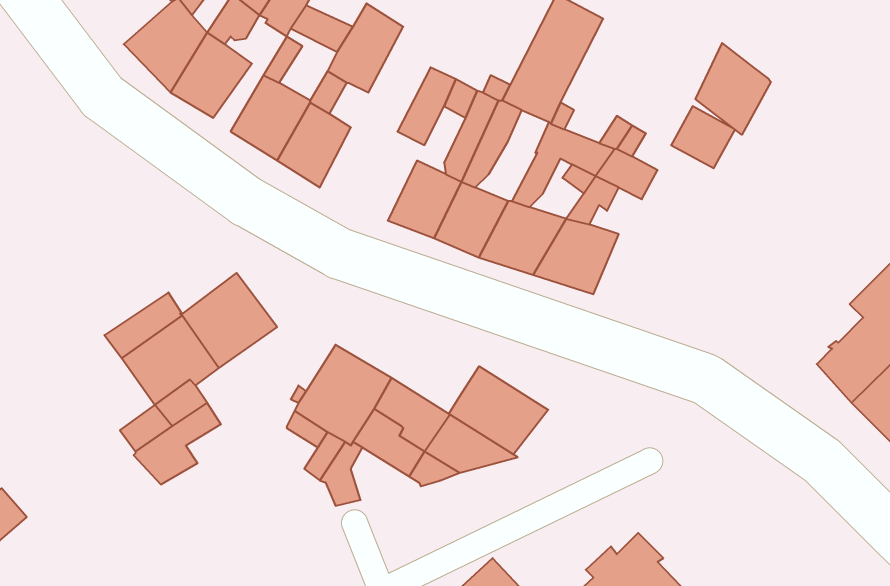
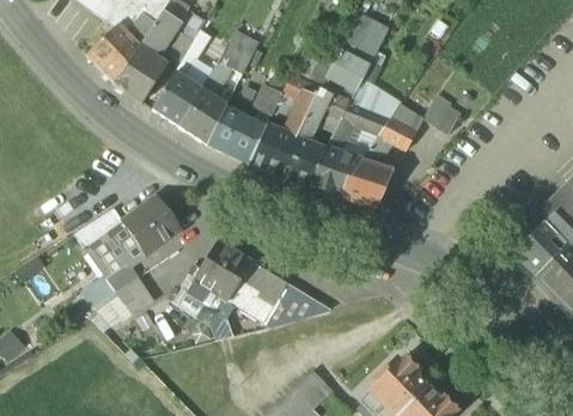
building: [695,43,771,135] -> none
building: none -> [208,106,268,164]
building: [449,366,548,455] -> none

